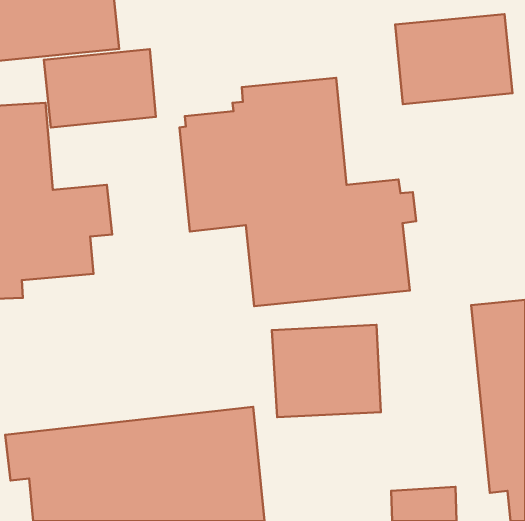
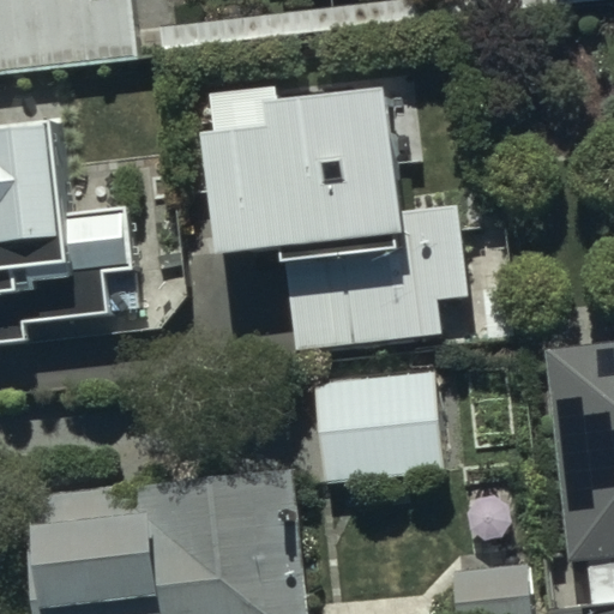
building: [395,14,512,104] -> none
building: [44,49,156,127] -> none

